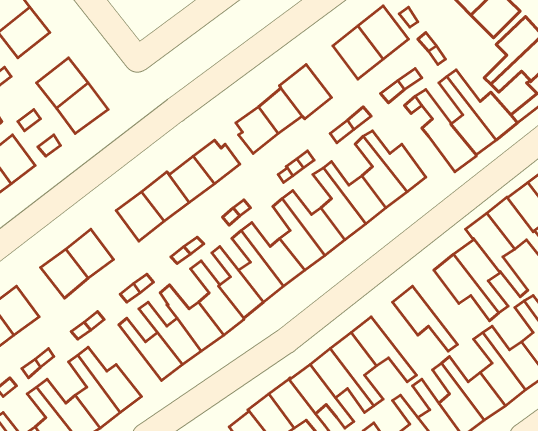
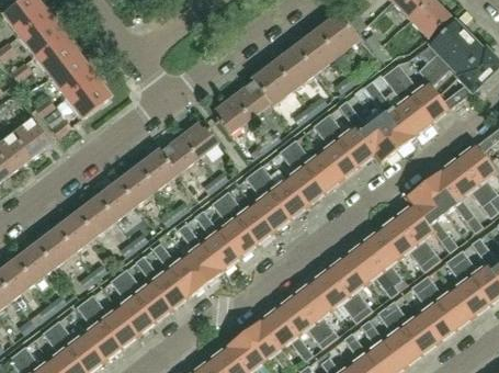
building: none -> [35,34,77,76]
building: none -> [273,45,316,88]
building: none -> [338,102,396,162]
building: none -> [95,181,135,222]
building: none -> [34,228,73,269]
building: none -> [361,230,408,292]
building: none -> [327,257,372,317]
building: none -> [111,275,154,335]

